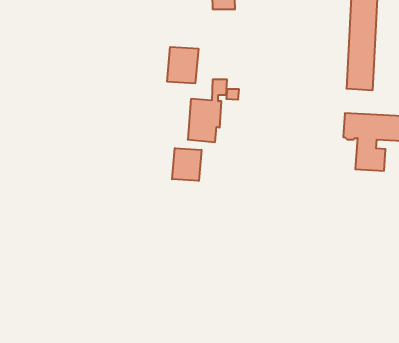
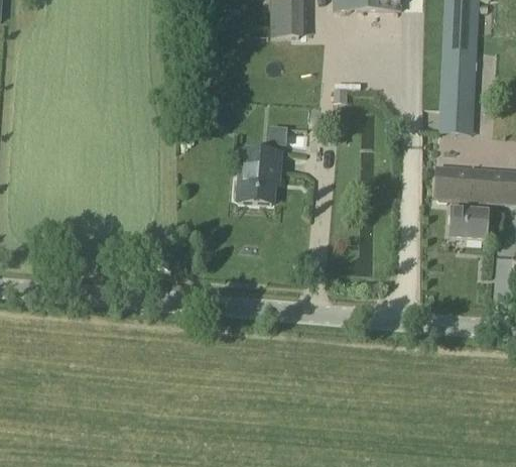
building: [167,47,198,83] -> none
building: [172,148,201,181] -> none

